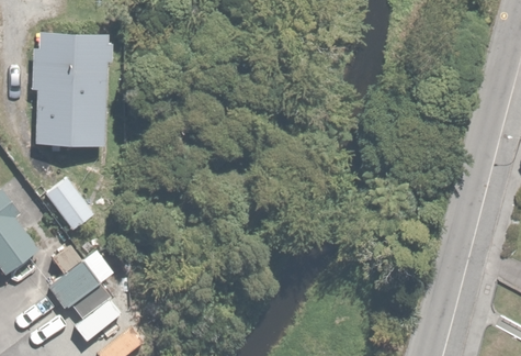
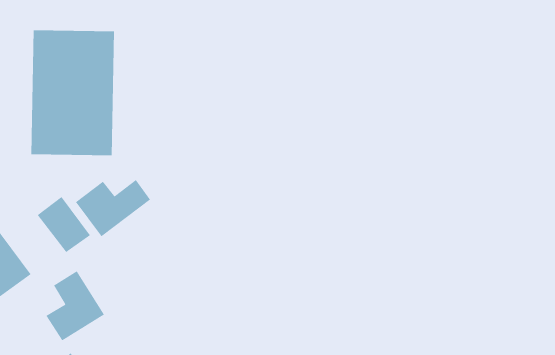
building: none -> [75,179,151,237]

